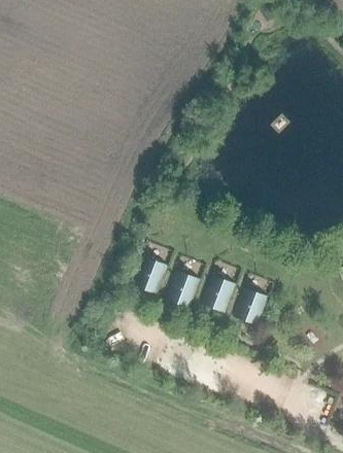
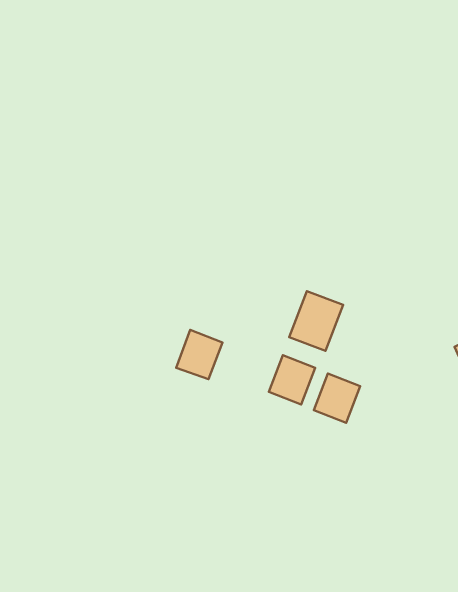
building: none -> [289,291,343,351]
building: [167,271,201,307] -> none

